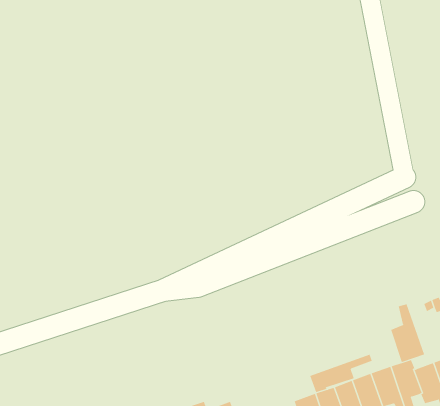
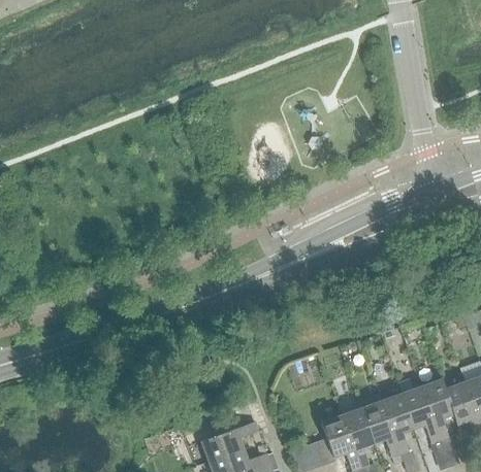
building: [390,304,425,363] -> none
building: [310,354,373,393] -> none

